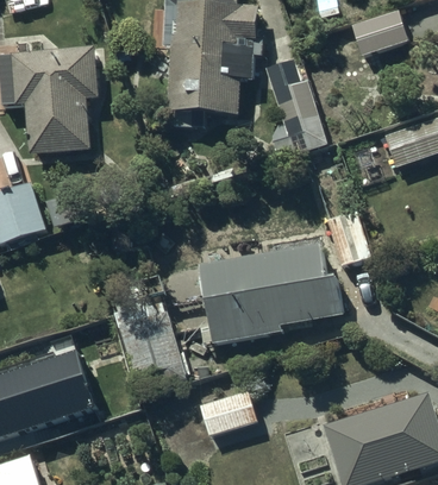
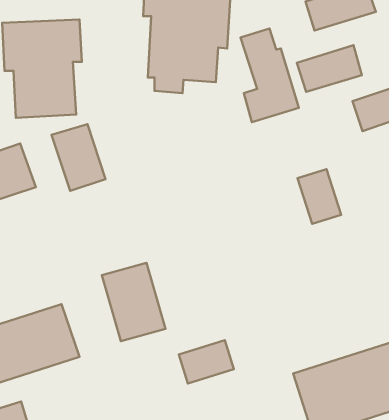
building: none -> [297,45,362,92]
building: none -> [52,124,106,191]
building: [198,245,342,344] -> none

